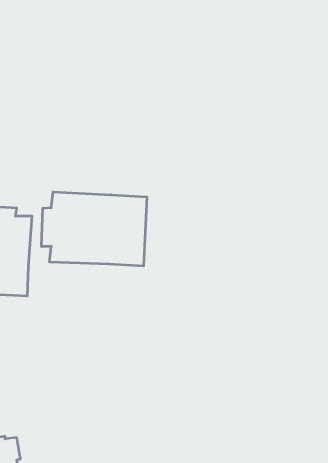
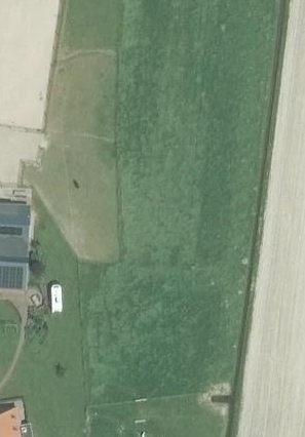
building: [42,192,147,266] -> none

